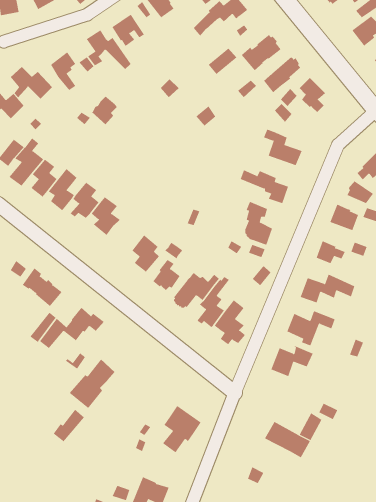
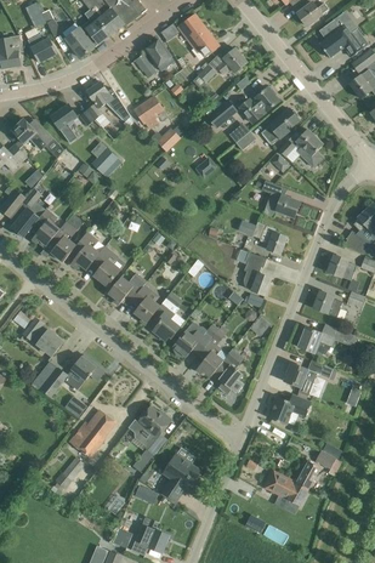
building: [112,14,145,47] -> [135,96,167,129]
building: none -> [108,272,147,305]
building: none -> [127,405,171,454]

